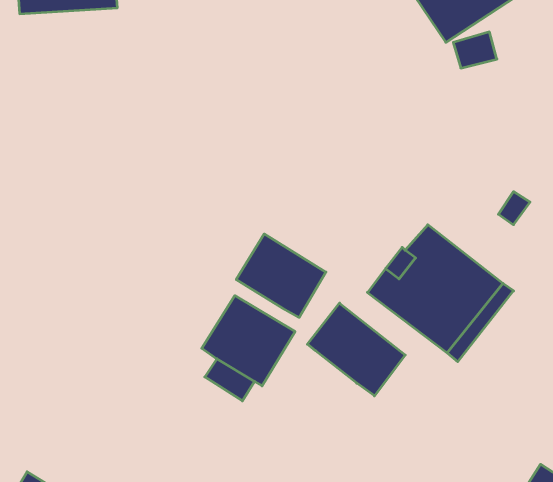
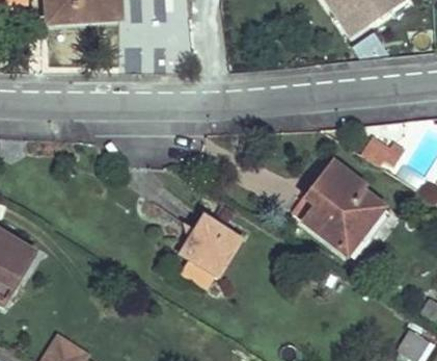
building: [236,234,326,317] -> none
building: [307,303,405,396] -> none

